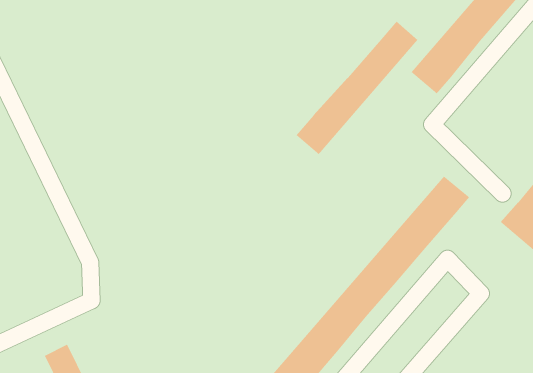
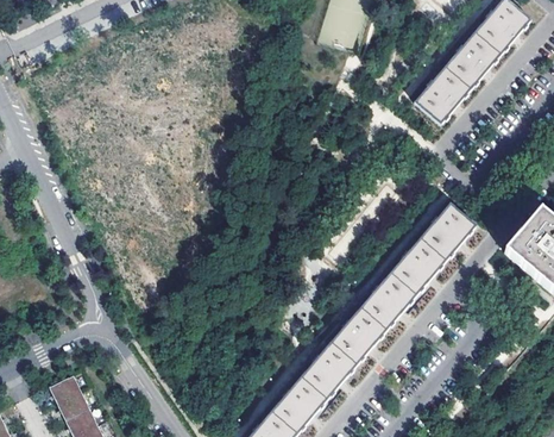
building: [296,21,419,155] -> none

